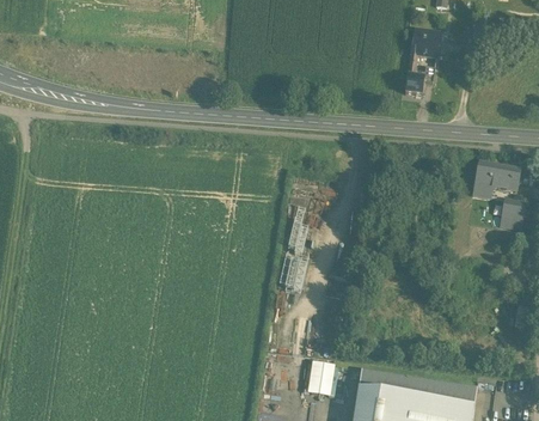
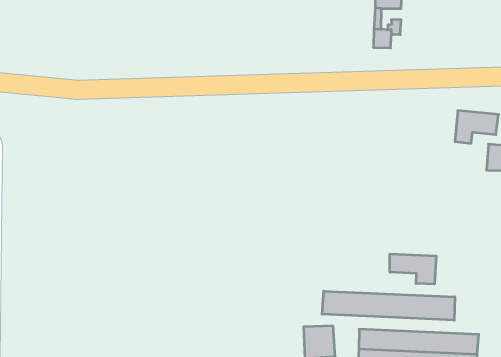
building: none -> [390,254,436,284]
building: none -> [322,291,455,320]

